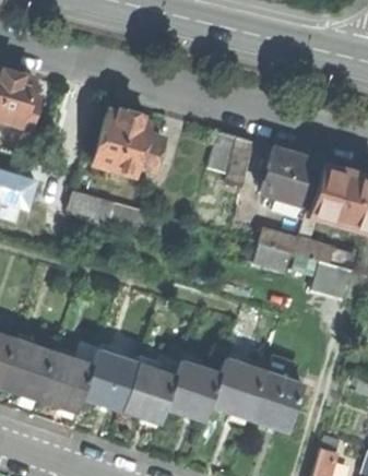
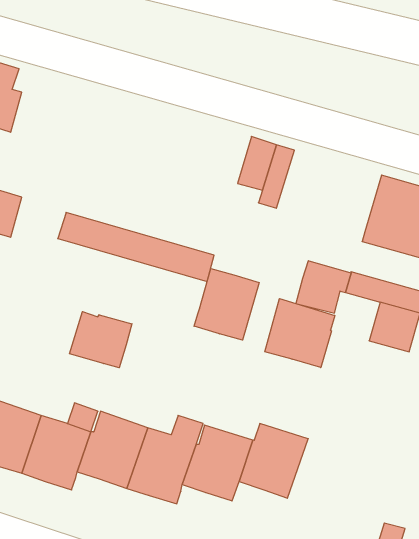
building: [92,107,162,175] -> none
building: [260,147,321,206] -> none
building: none -> [194,269,259,340]
building: none -> [265,299,335,368]
building: none -> [70,312,132,368]
building: [247,370,304,430] -> none

